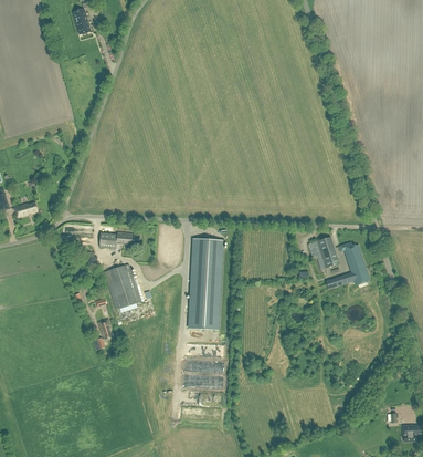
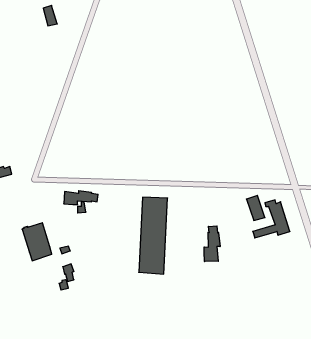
building: [104,263,139,309] -> [22,223,52,261]
building: none -> [204,226,220,262]

